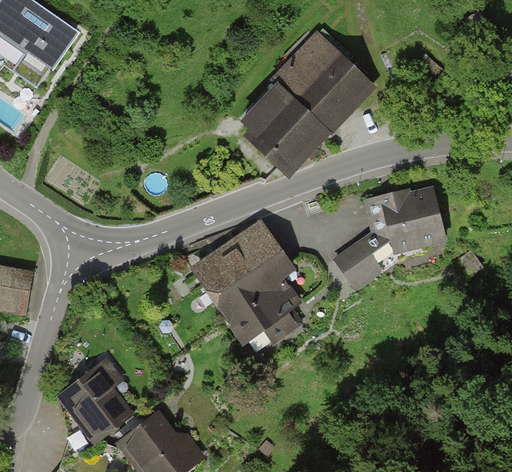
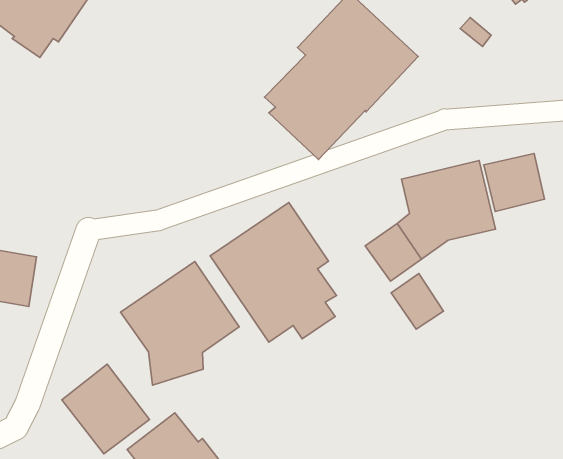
building: none -> [484,154,544,211]
building: none -> [121,262,239,385]
building: none -> [391,274,444,329]

